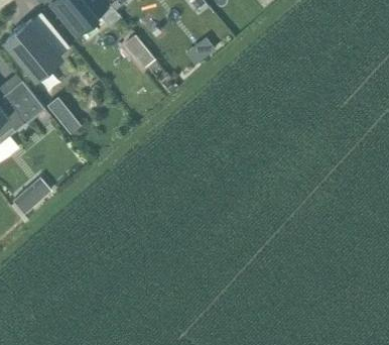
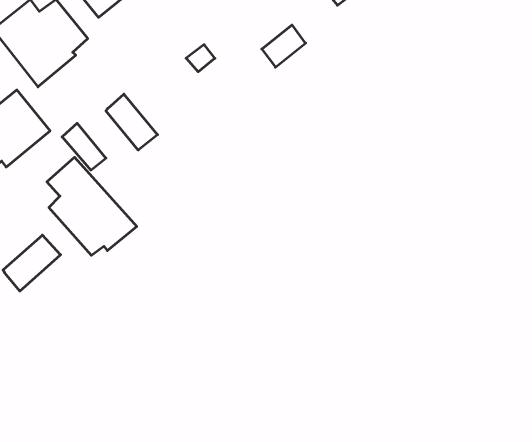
building: none -> [106,94,158,150]
building: none -> [47,157,137,255]

